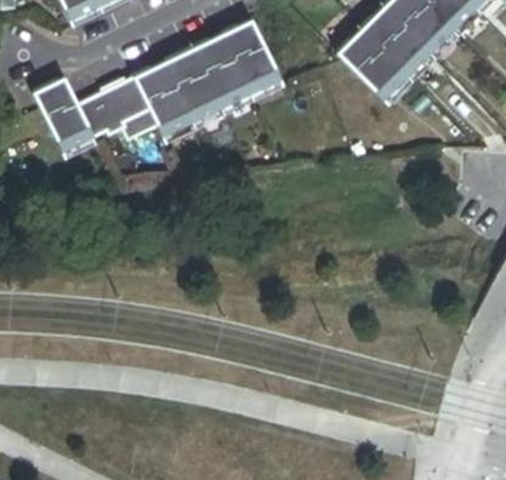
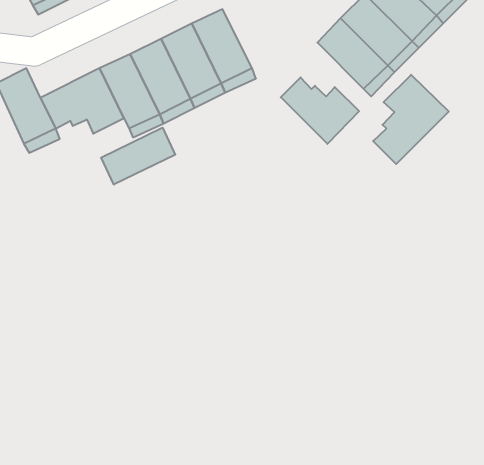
building: none -> [373,75,449,164]
building: none -> [281,77,359,144]
building: none -> [101,128,175,185]

